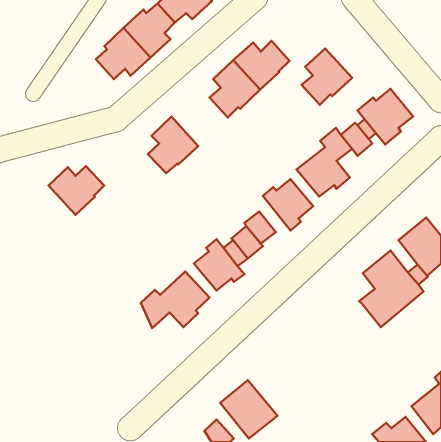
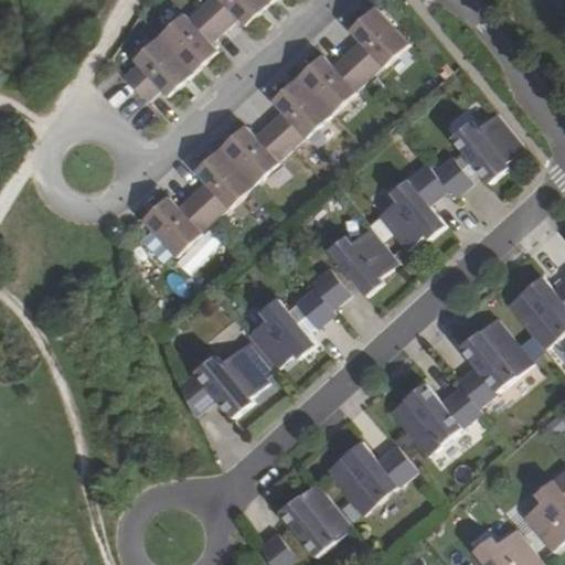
building: [302,48,352,105] -> [344,6,408,77]
building: none -> [217,124,289,185]
building: [49,166,104,215] -> [140,195,211,257]
building: none -> [390,382,487,462]
building: none -> [326,441,422,522]

